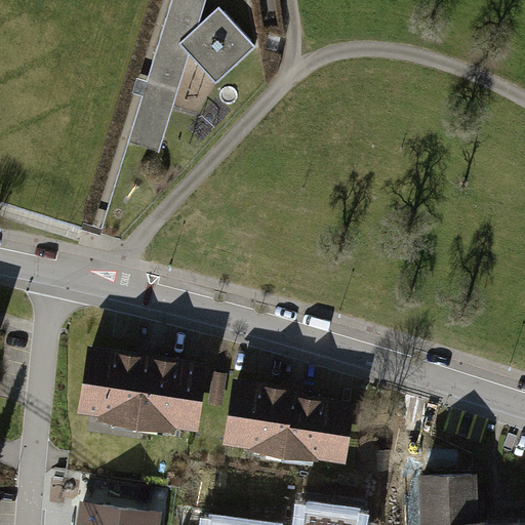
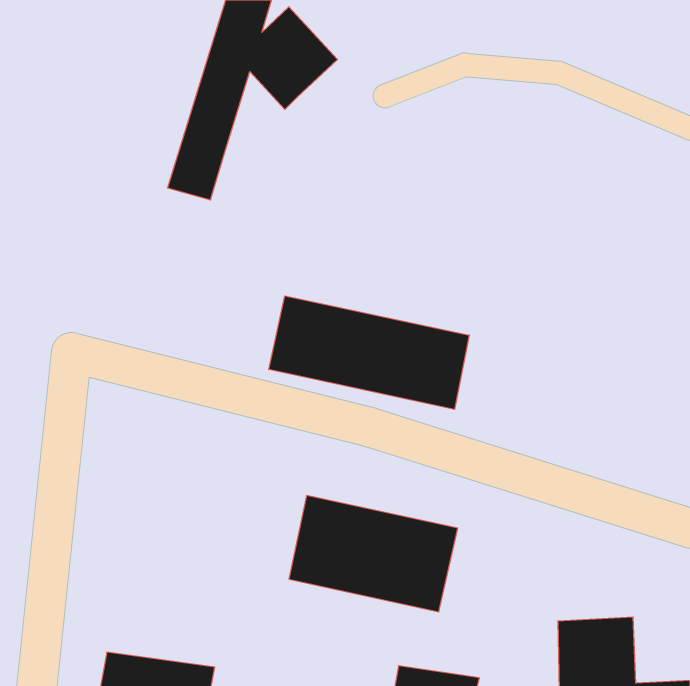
building: none -> [269,296,469,409]
building: [74,347,204,440] -> none

